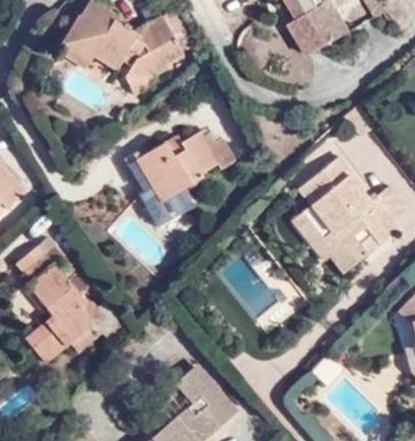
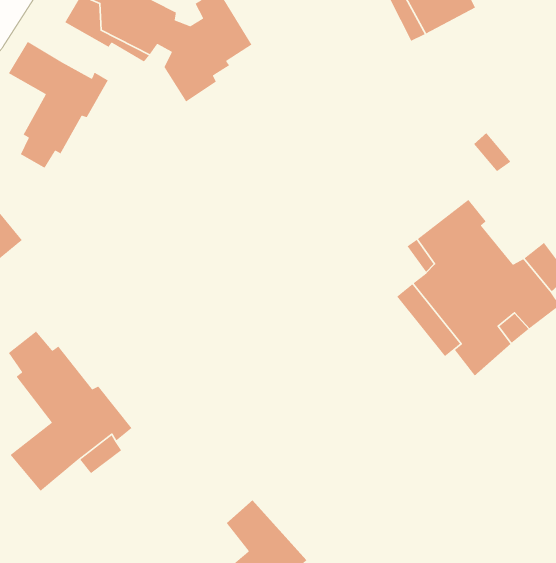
building: none -> [8,41,109,169]
building: [139,134,235,226] -> none

